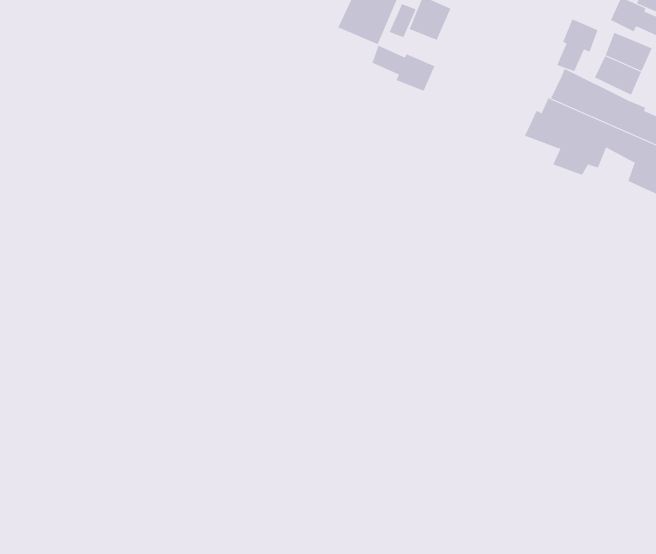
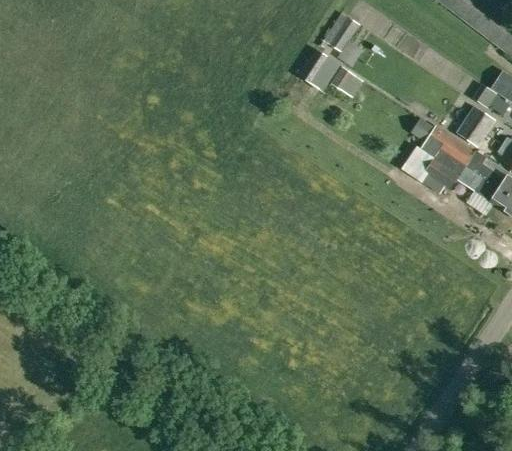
building: [556,19,598,72] -> none
building: [372,45,435,91] -> none

